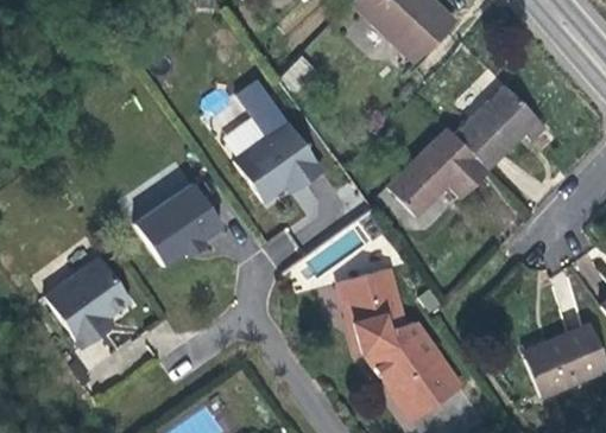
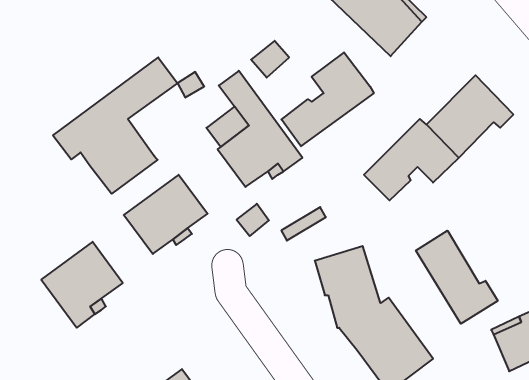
building: none -> [281,52,374,146]
building: none -> [53,57,177,194]
building: none -> [416,231,498,324]

